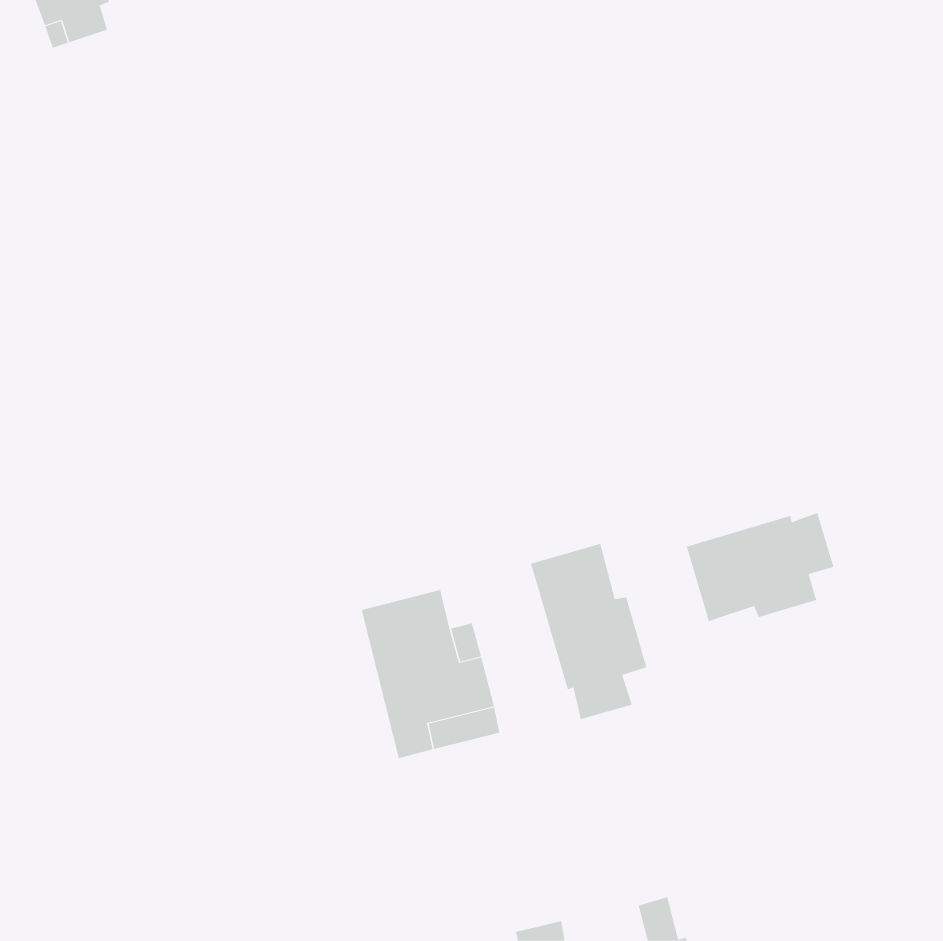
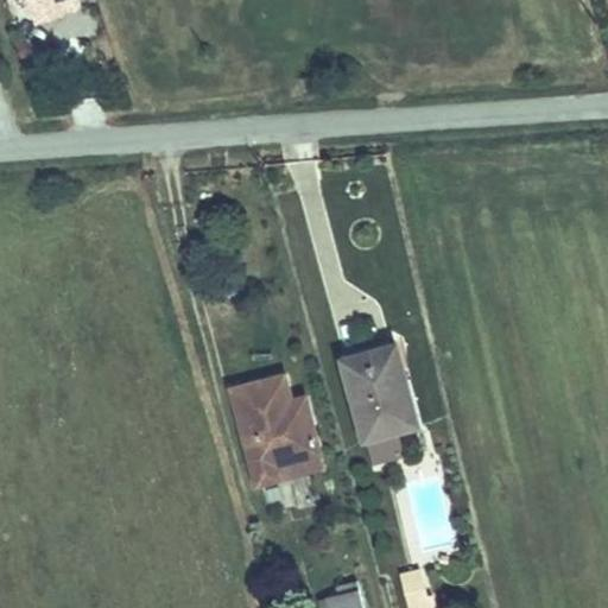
building: [686,512,834,622] -> none

